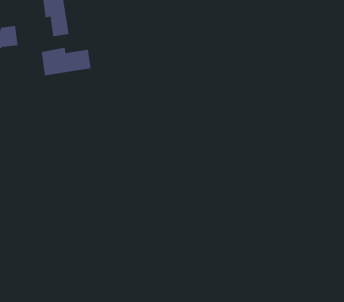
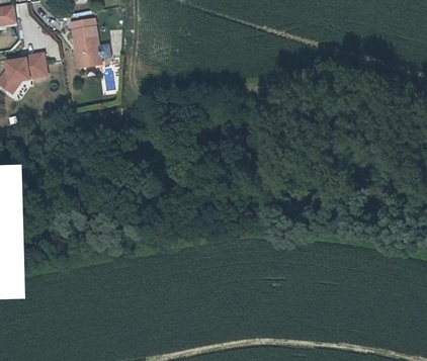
building: [41,47,91,76] -> none

